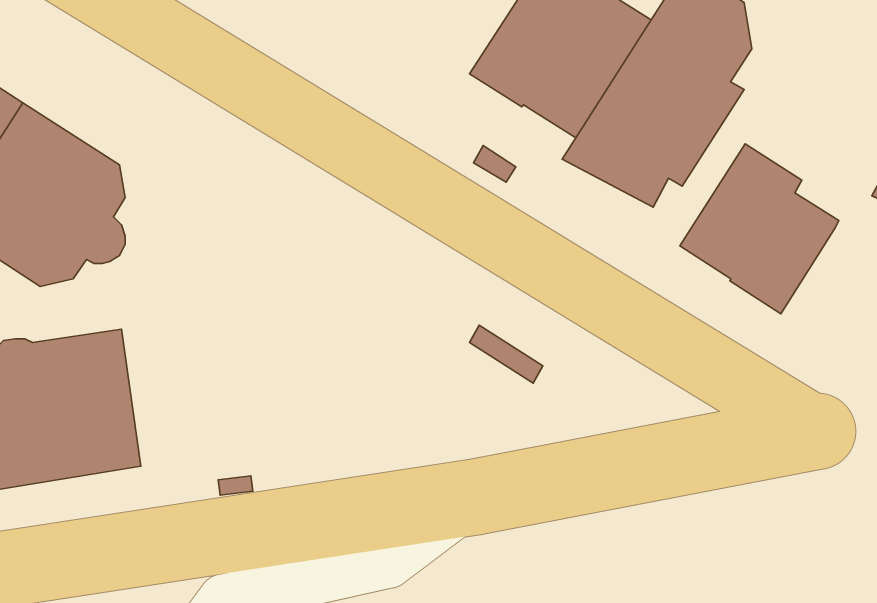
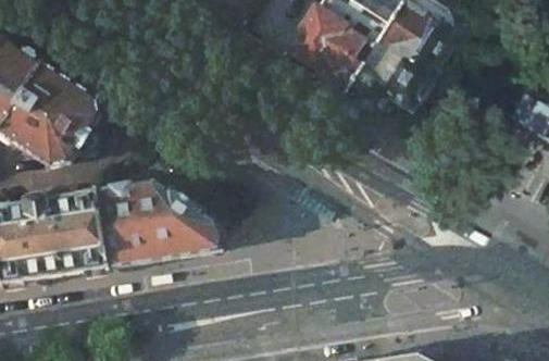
building: [680,144,839,314] -> none
building: none -> [95,180,229,266]

